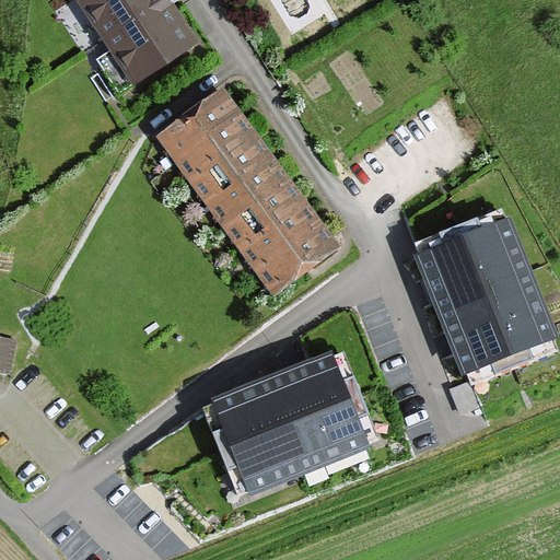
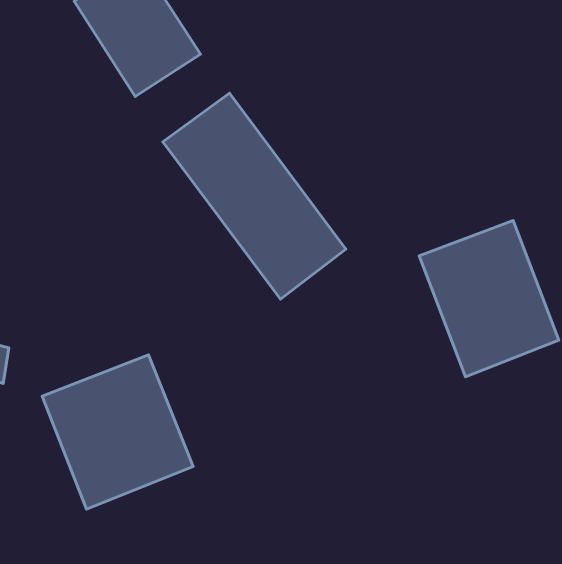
building: none -> [42,355,193,509]
building: [208,351,364,490] -> none

